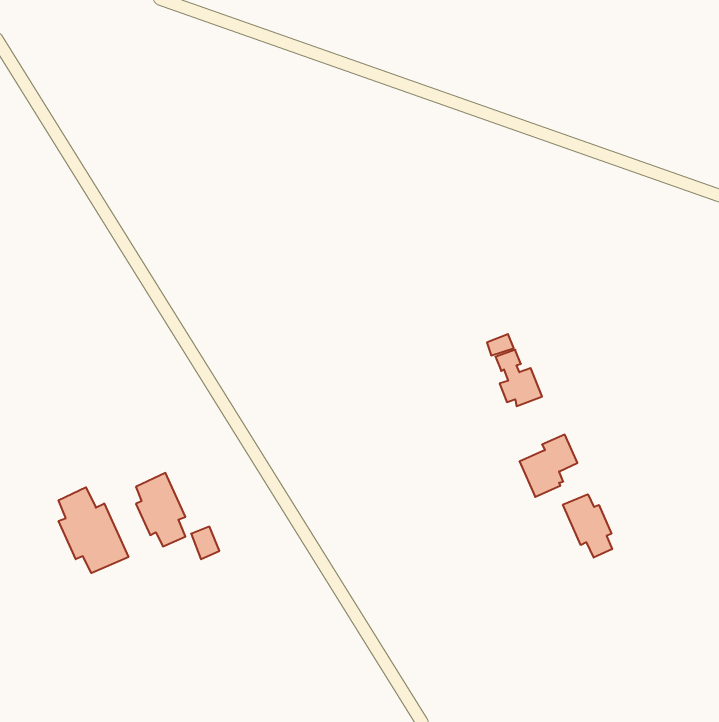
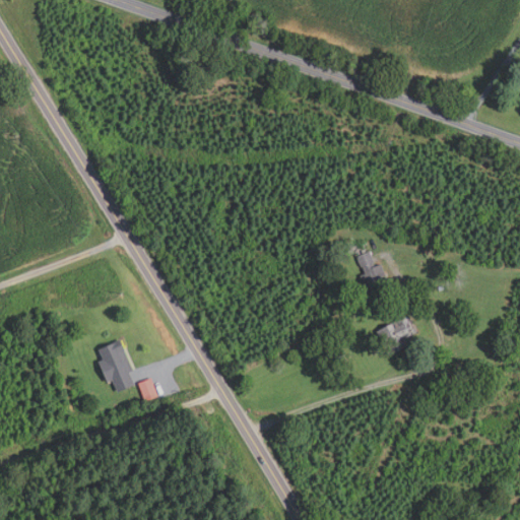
building: [59,487,128,573] -> none
building: [563,494,612,558] -> none

